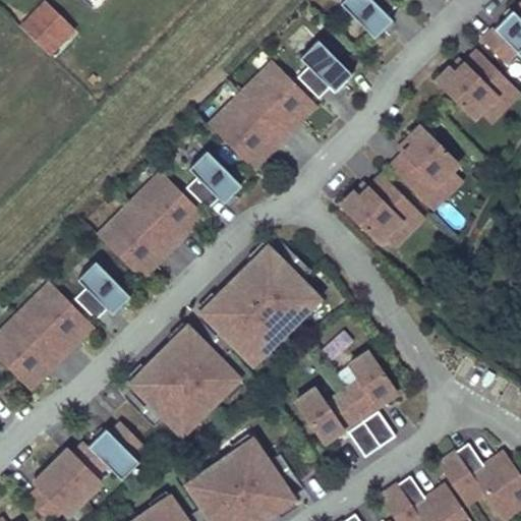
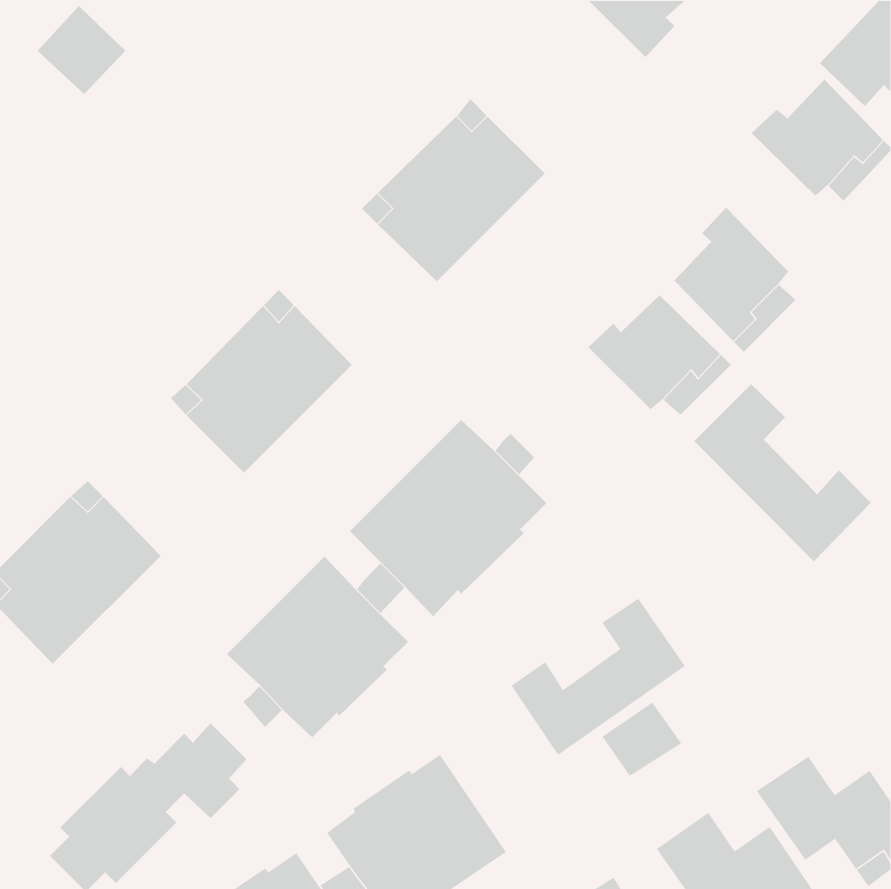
building: [297,40,352,98] -> none
building: [186,151,241,209] -> none
building: none -> [694,383,872,562]
building: [75,262,130,320] -> none

